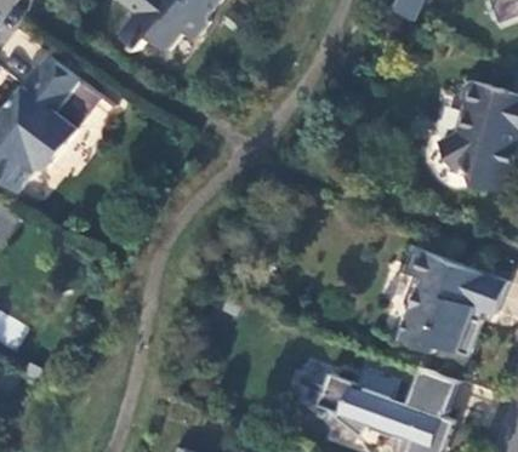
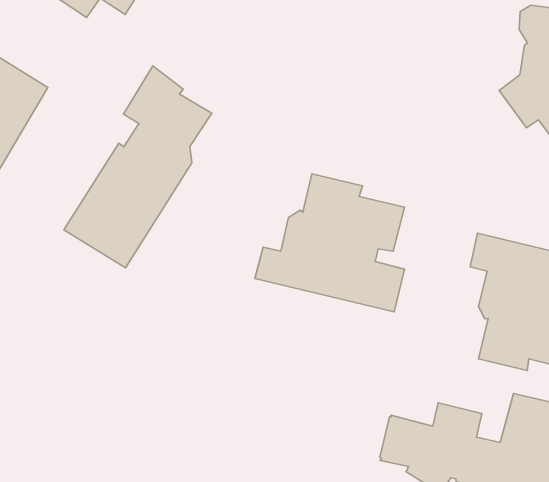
building: none -> [64,66,212,268]
building: none -> [255,174,405,312]

